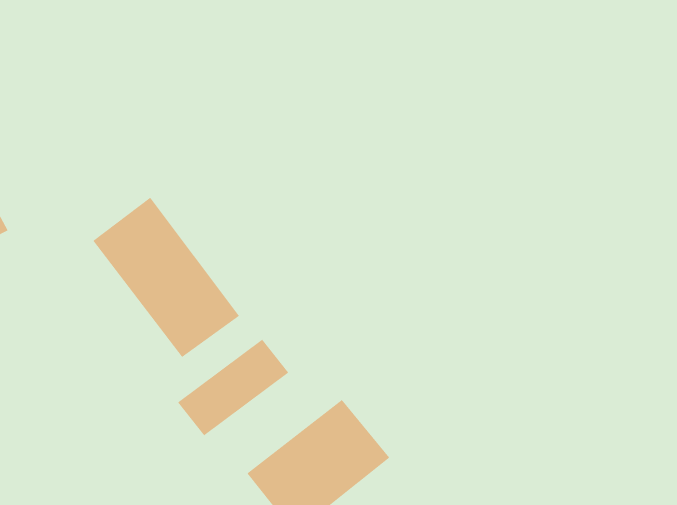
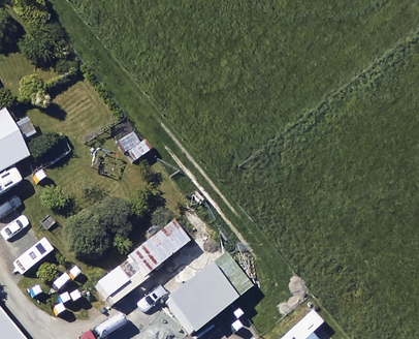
building: [92,197,240,358] -> none

